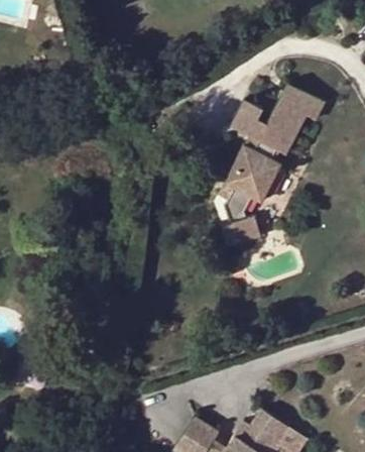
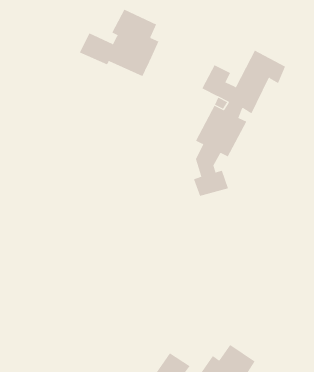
building: none -> [79,9,159,77]

